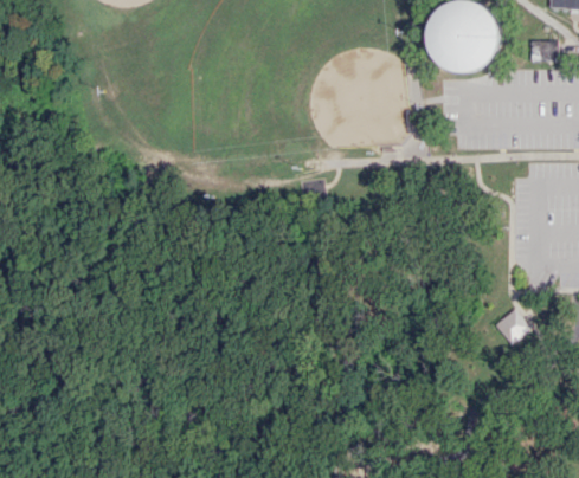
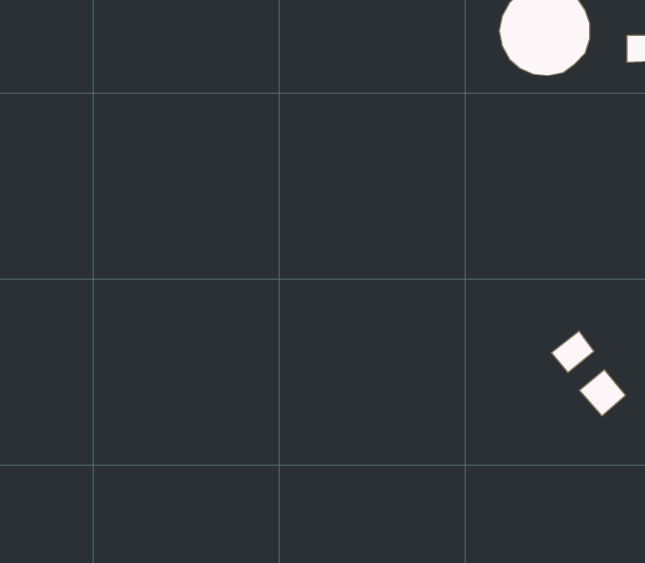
building: none -> [551,331,594,373]

